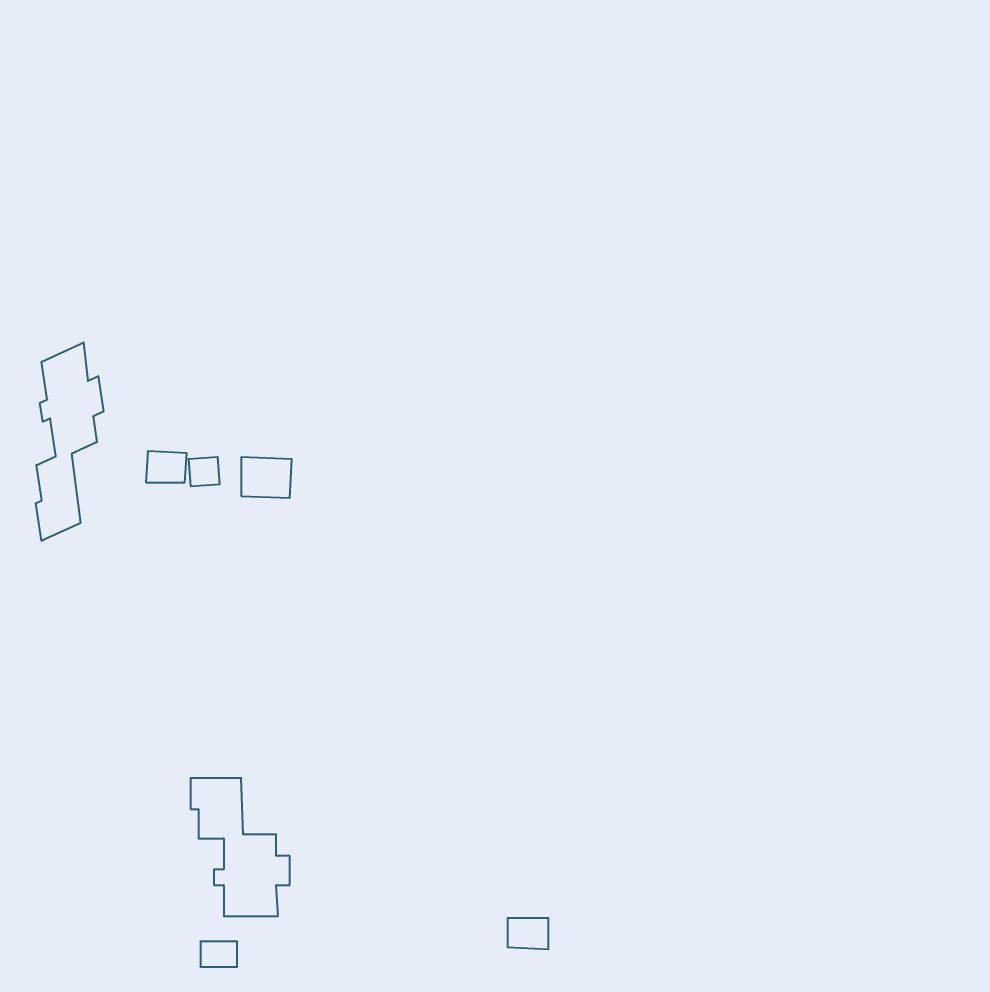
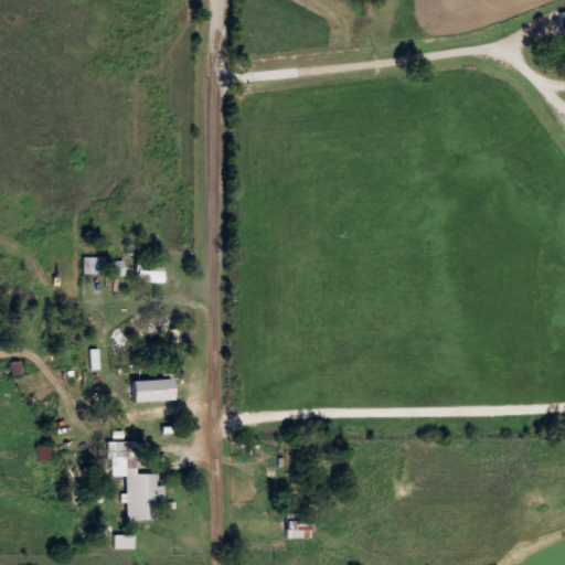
building: [36,342,103,541] -> none
building: none -> [135,379,175,402]

